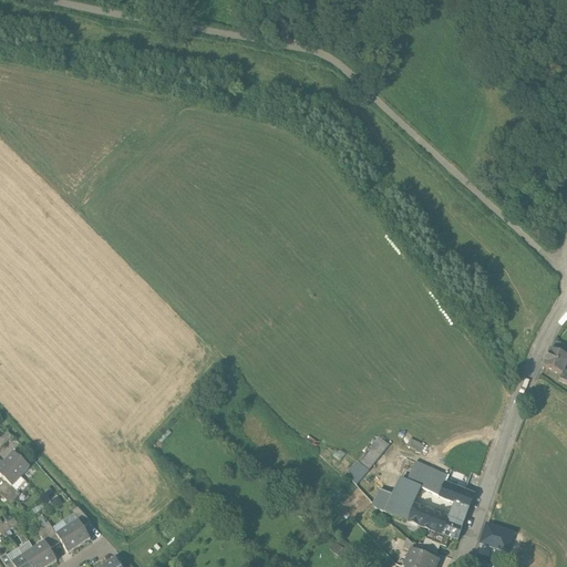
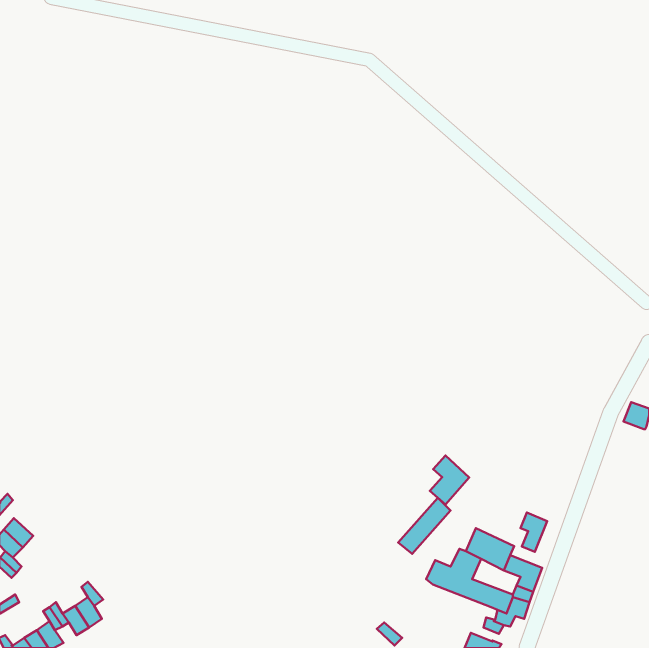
building: none -> [430,456,469,504]
building: none -> [520,513,547,552]
building: [478,524,512,550] -> none

